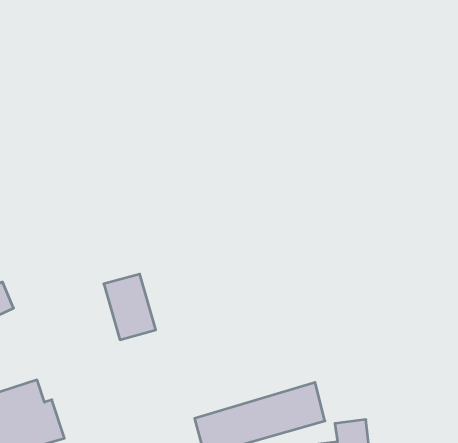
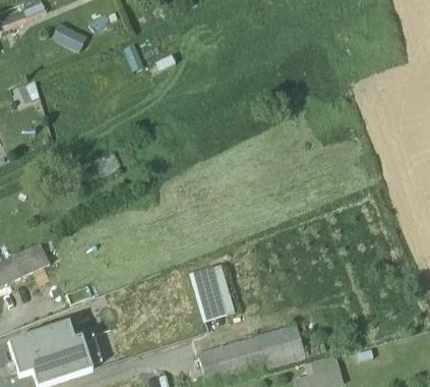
building: none -> [51,20,86,49]
building: [104,274,156,340] -> [190,265,233,319]

